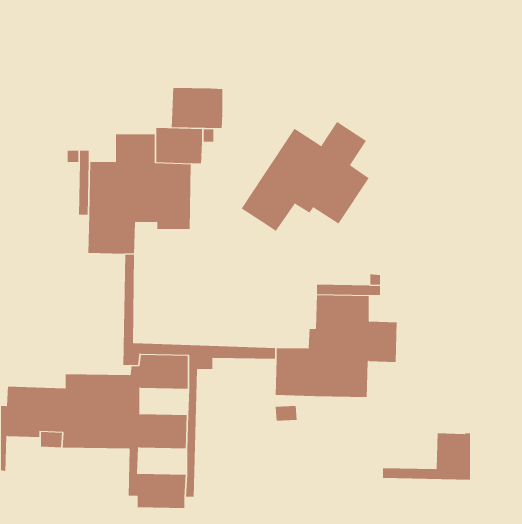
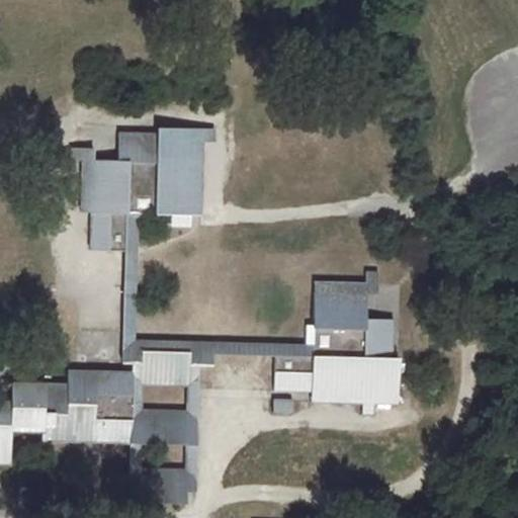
building: [171,87,223,129] -> none
building: [241,121,369,232] -> none
building: [382,433,471,480] -> [313,357,400,404]

